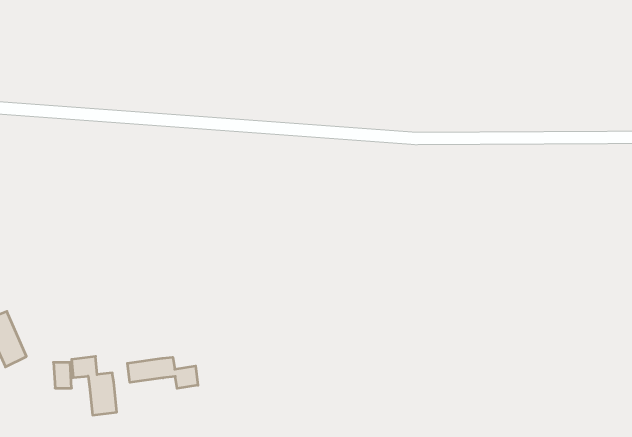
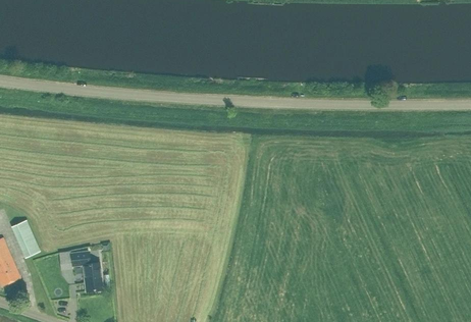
building: [127,357,198,388] -> none

